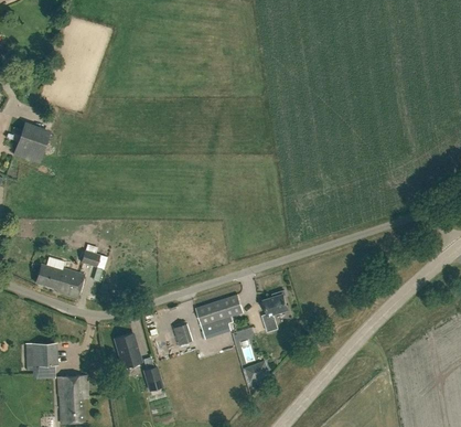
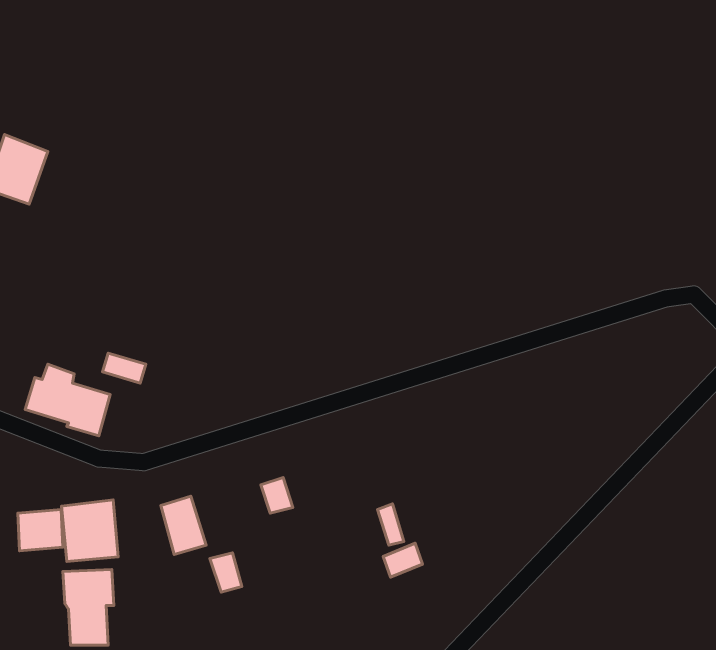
building: [261,289,286,332] -> none
building: [195,295,243,335] -> none
building: none -> [61,500,118,561]

